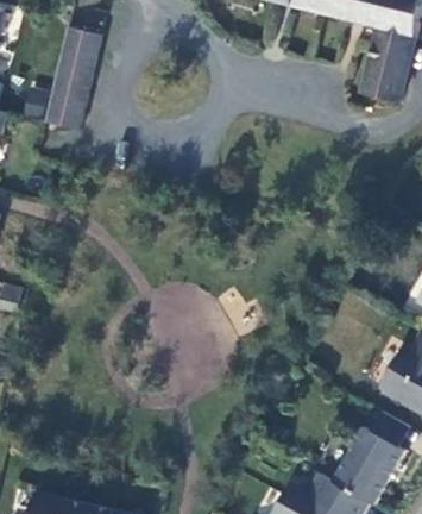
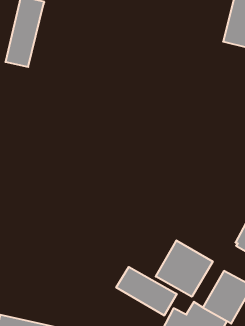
building: none -> [156,240,213,297]
building: none -> [116,267,177,316]

